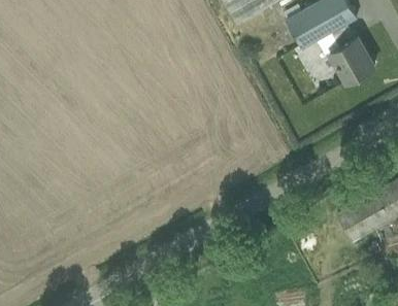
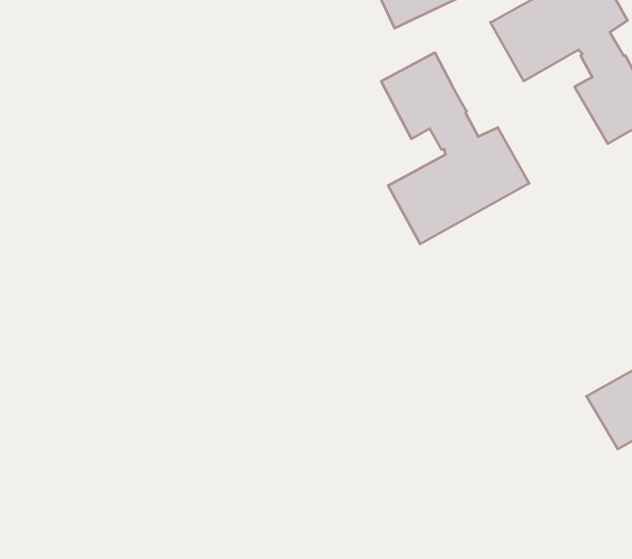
building: none -> [381,53,529,244]

